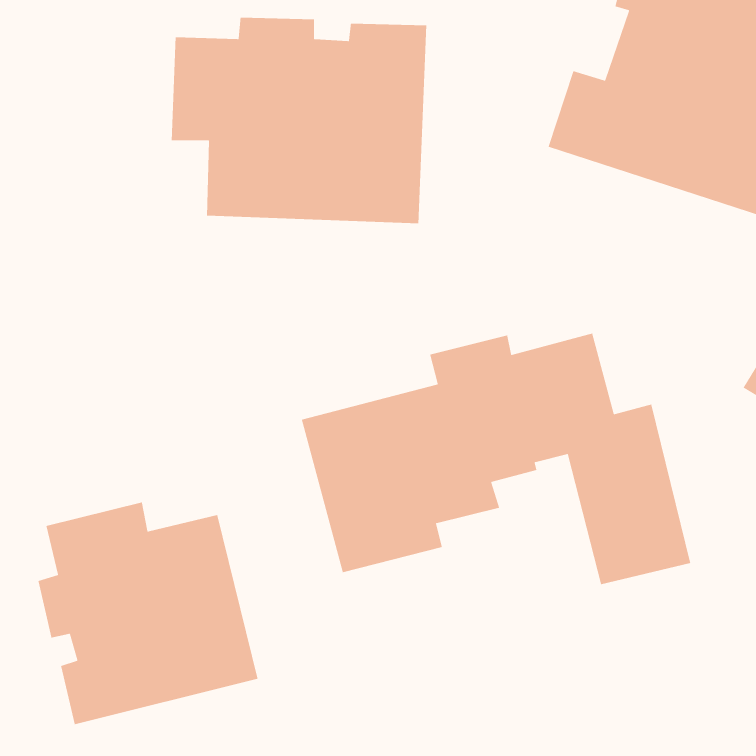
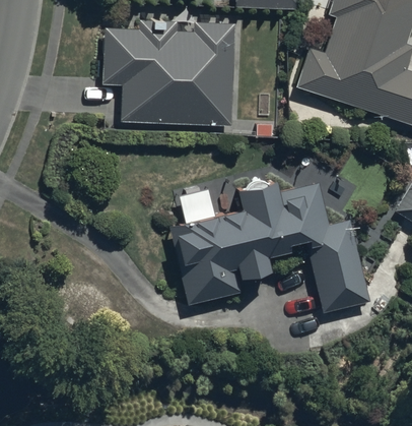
building: [37,502,259,725] -> none

